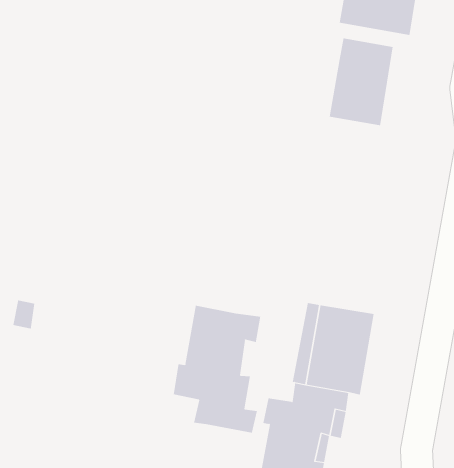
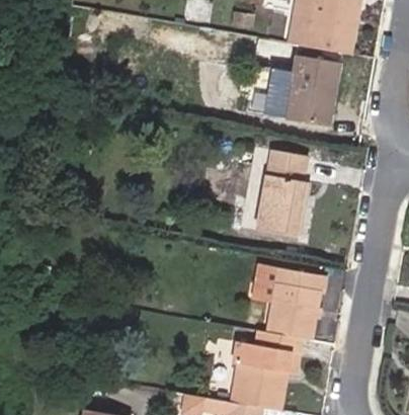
building: none -> [266,68,294,117]
building: none -> [254,149,309,237]
building: [173,305,261,433] -> none

